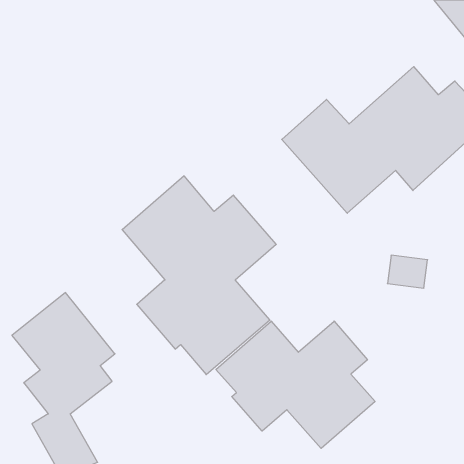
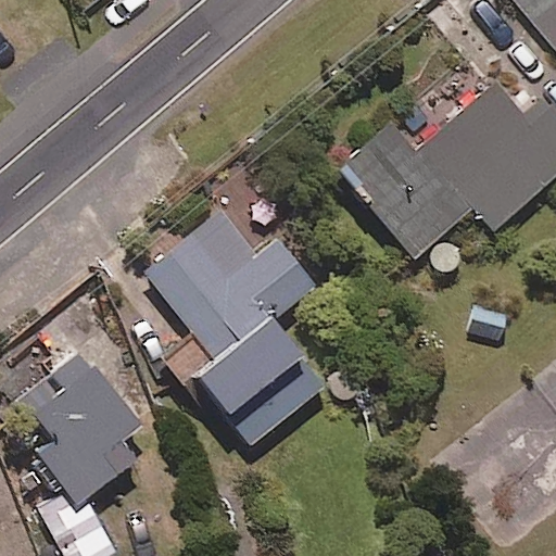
building: [216,321,375,448] -> none

